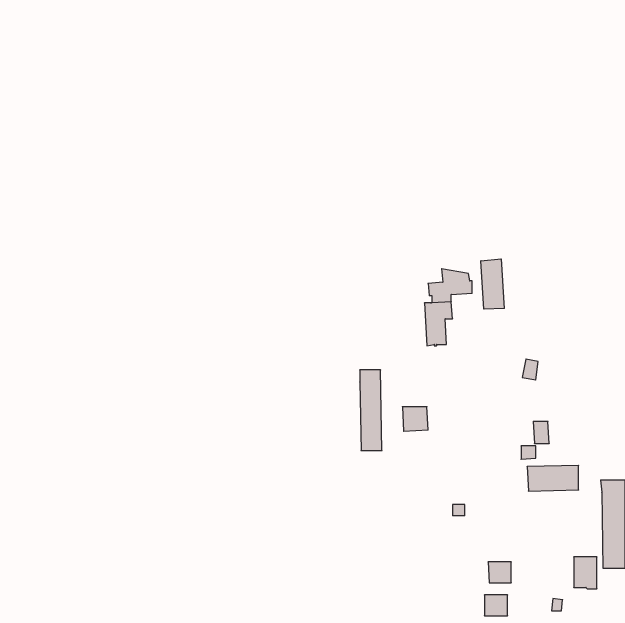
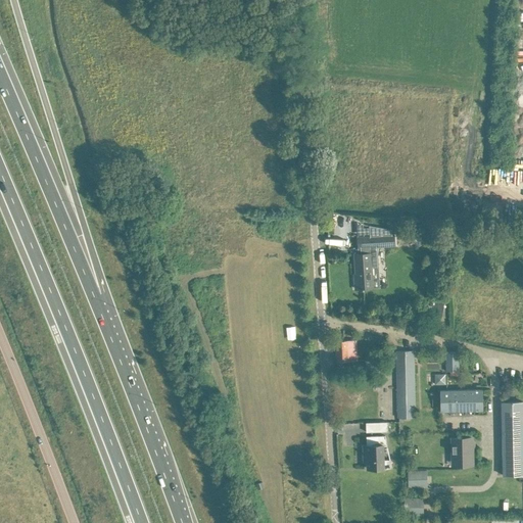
building: [481,259,504,309] -> none
building: [360,370,382,451] -> [396,351,415,419]
building: none -> [364,436,392,471]
building: [574,557,597,589] -> [453,438,472,465]

